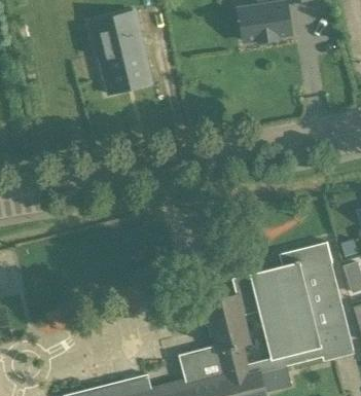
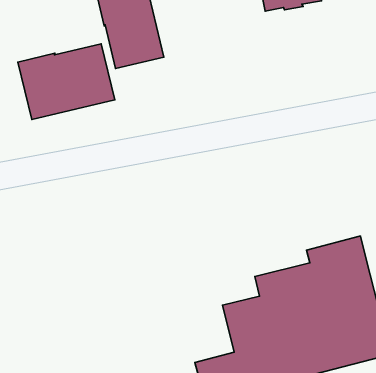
building: none -> [18,44,115,120]

